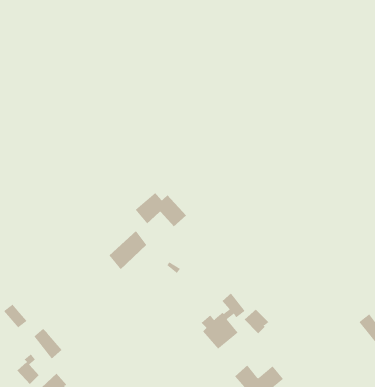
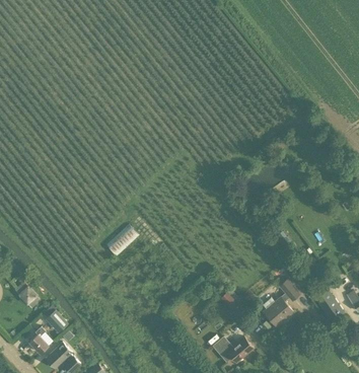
building: [135,192,187,227] -> none
building: [201,293,246,349] -> [262,279,299,326]

